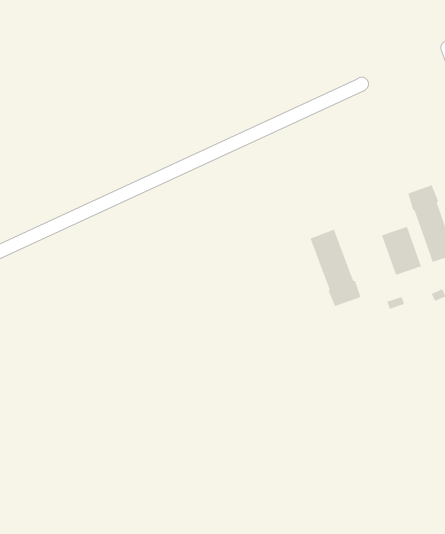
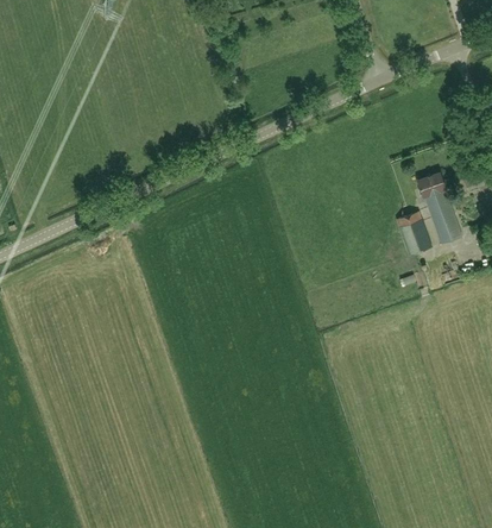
building: [310,229,361,307] -> none

